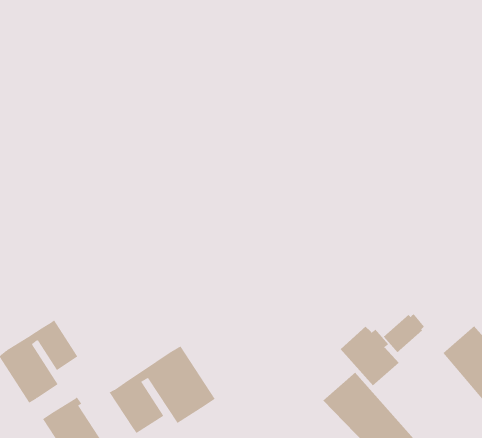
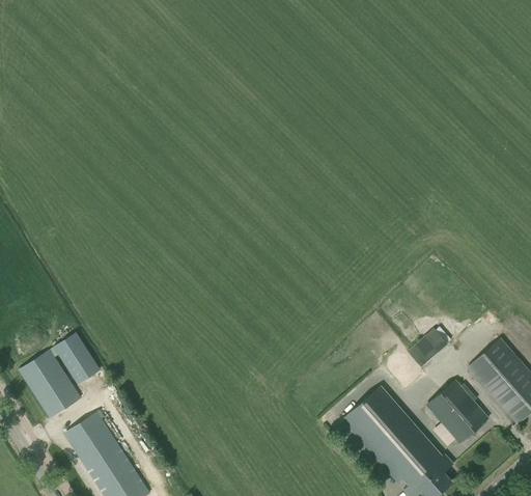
building: [340,326,399,386] -> [427,381,487,442]
building: [109,346,216,434] -> none

